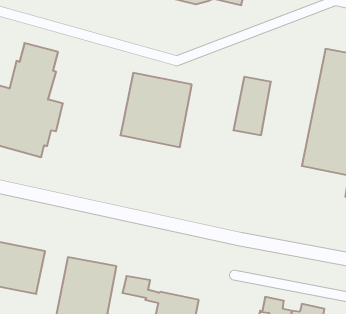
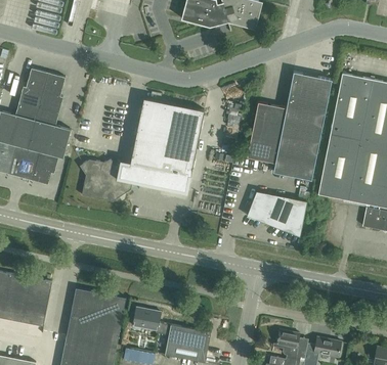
building: none -> [273,72,332,180]
building: none -> [80,158,191,201]
building: none -> [247,191,307,237]

